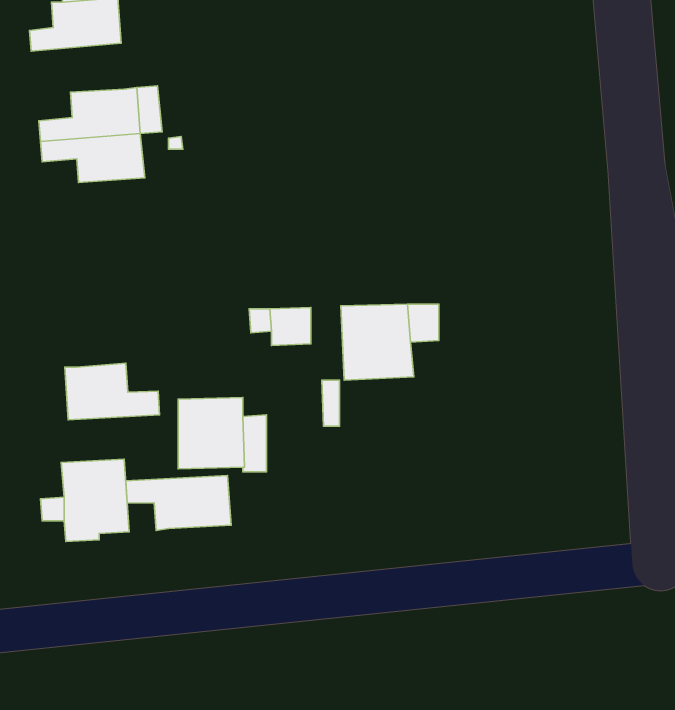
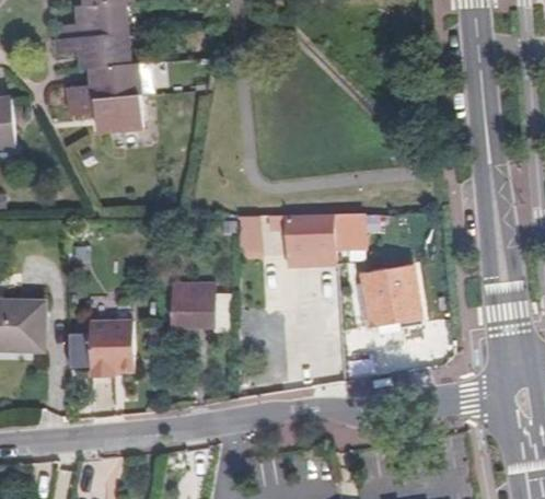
building: none -> [59,33,130,68]
building: [65,363,160,420] -> none
building: none -> [358,268,415,326]
building: [126,475,231,530] -> none

